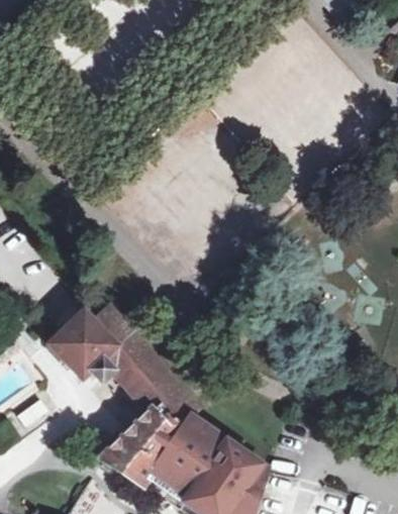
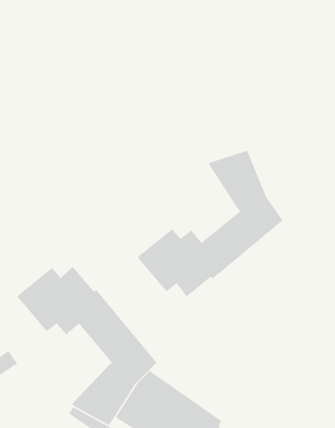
building: none -> [136,150,284,297]

